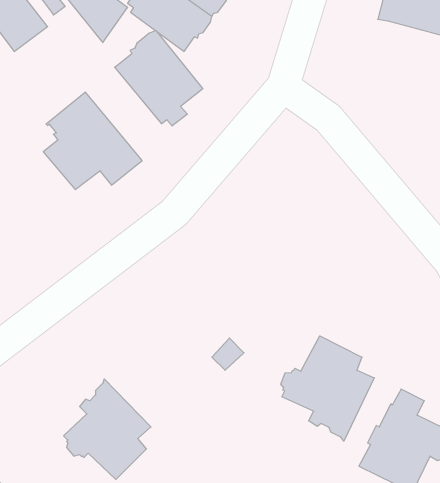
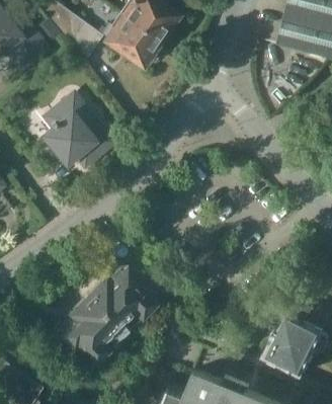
building: [115,31,203,126] -> none
building: [281,336,374,441] -> none
building: none -> [86,269,155,329]

